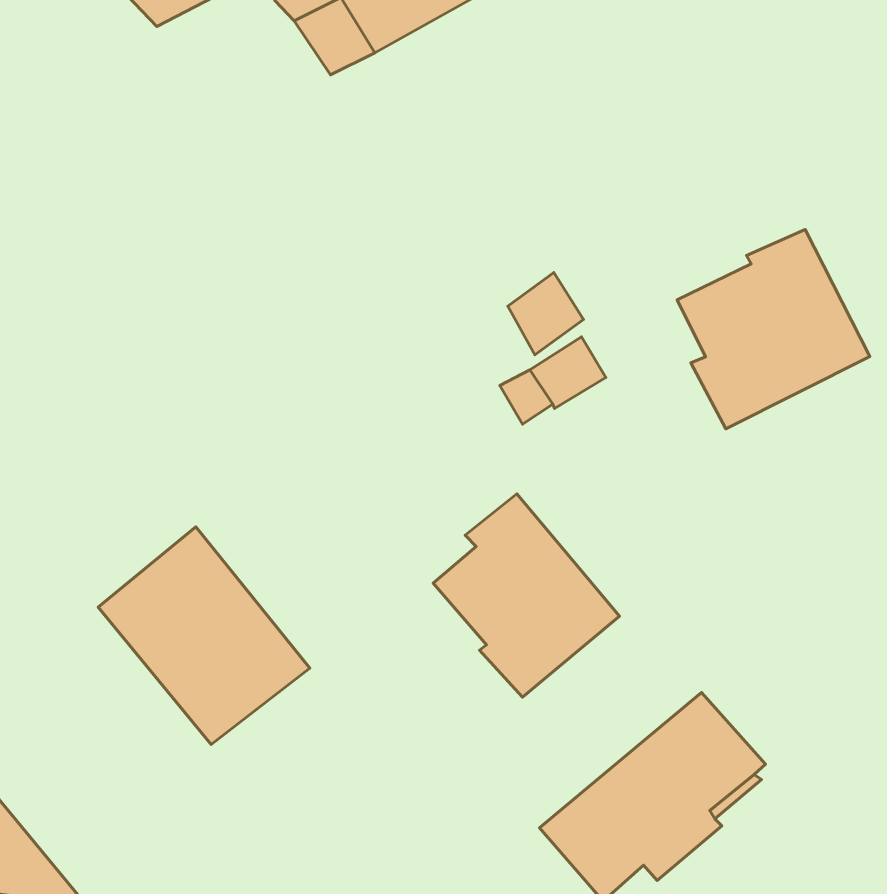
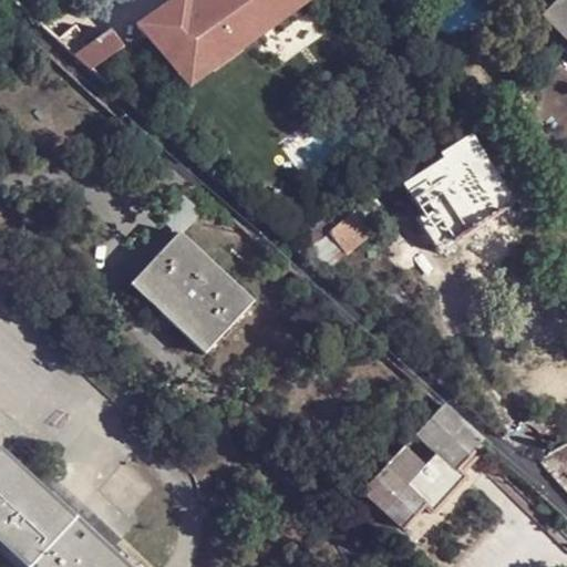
building: [508,272,584,355] -> none
building: [433,494,620,697] -> none
building: [98,527,310,744] -> [133,229,256,350]

